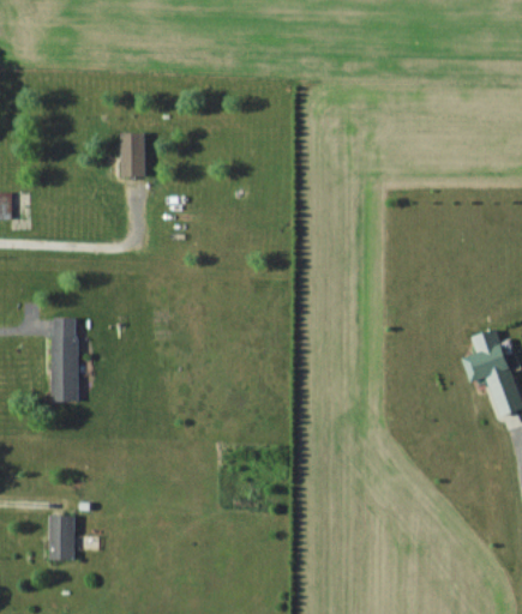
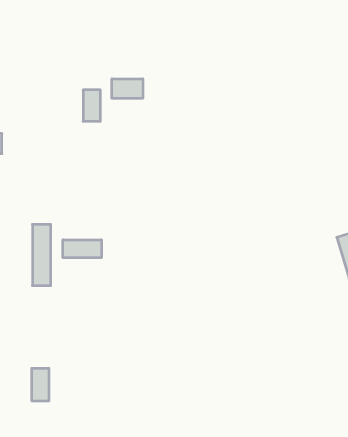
building: none -> [112,79,143,98]
building: none -> [63,240,101,258]

